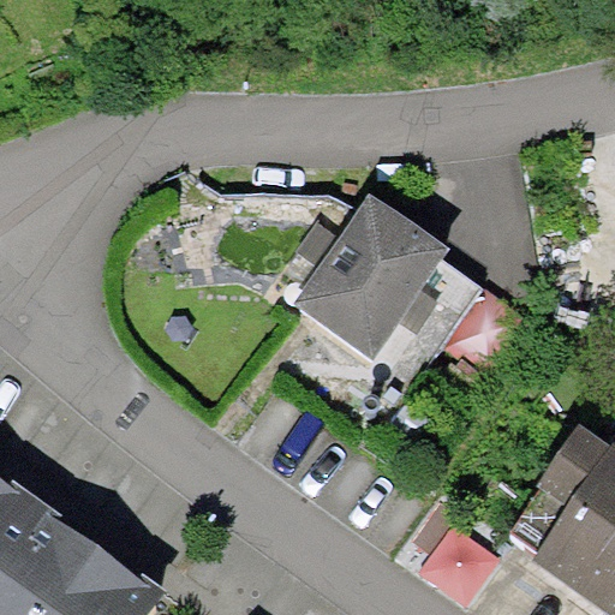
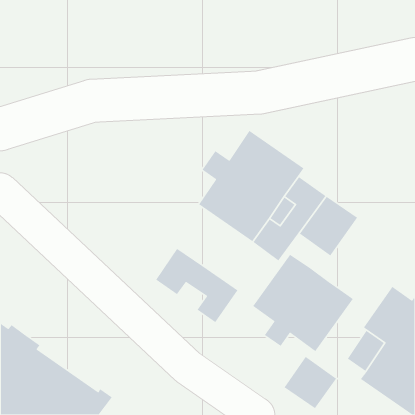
building: none -> [155,248,239,323]
building: none -> [252,254,354,352]

